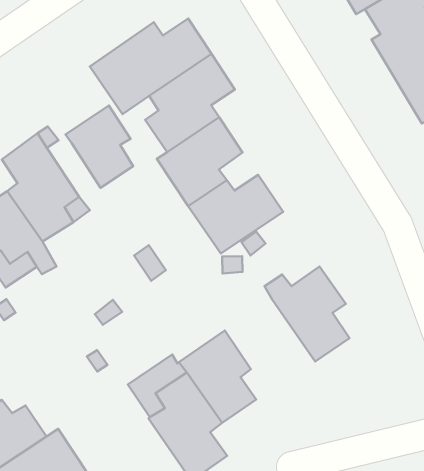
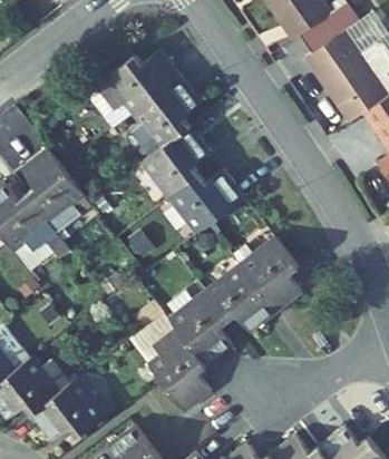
building: [65,106,133,188] -> none
building: none -> [204,266,276,333]

